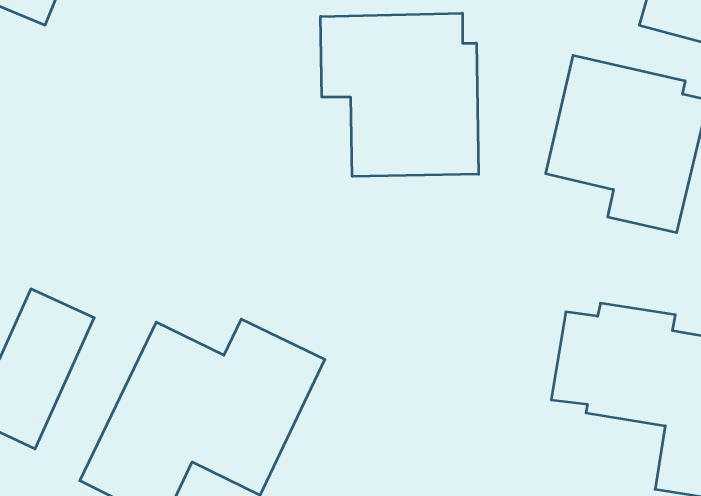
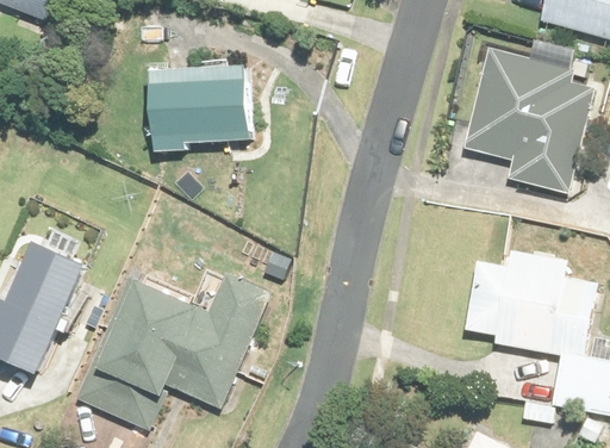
building: [321,13,479,176] -> none
building: none -> [150,68,242,153]

